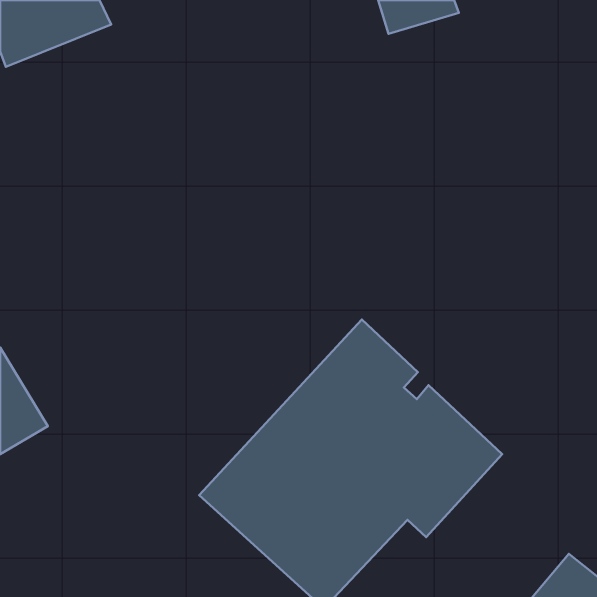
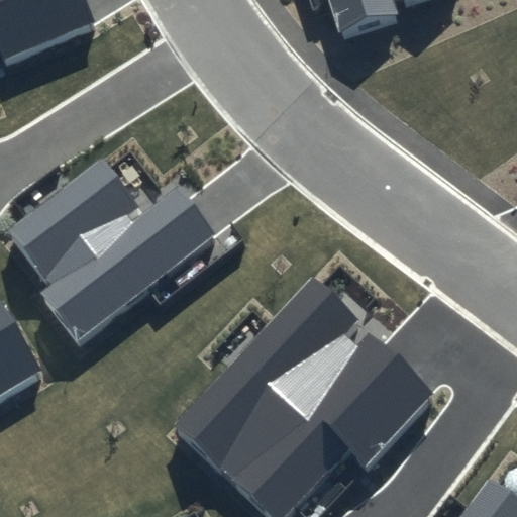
building: none -> [6,159,214,337]

